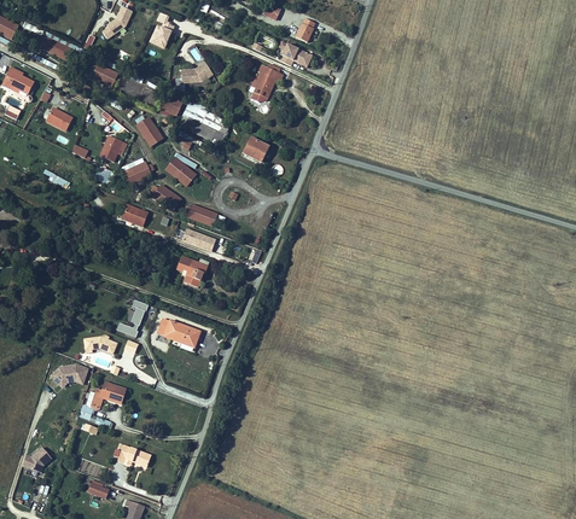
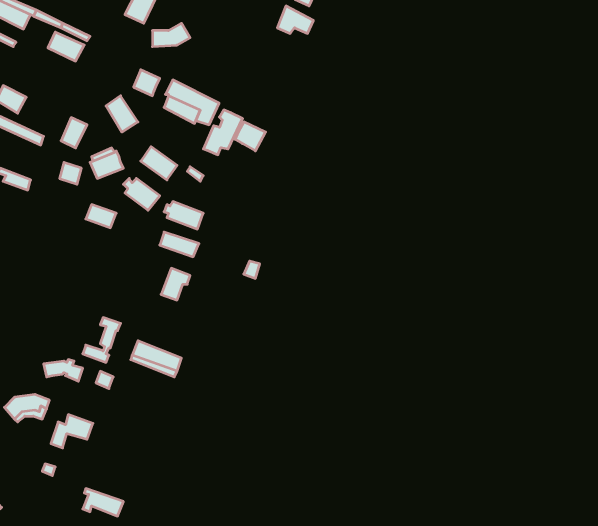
building: [245,63,278,100] -> [203,110,243,155]

